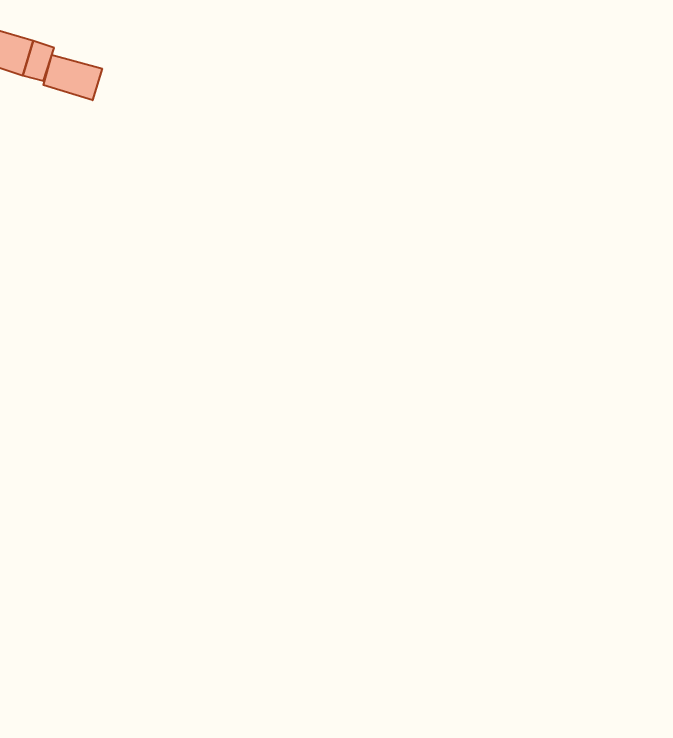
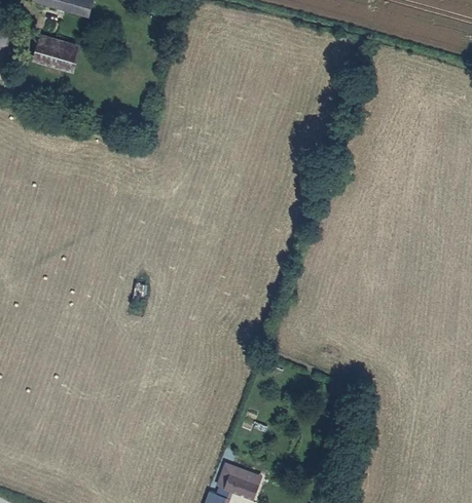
building: [43,55,102,100] -> none

